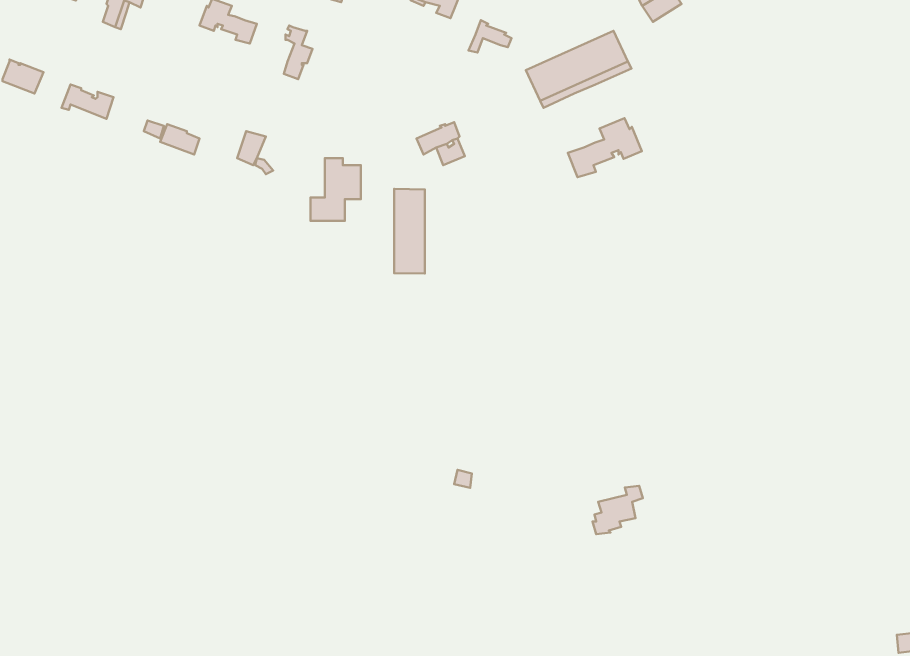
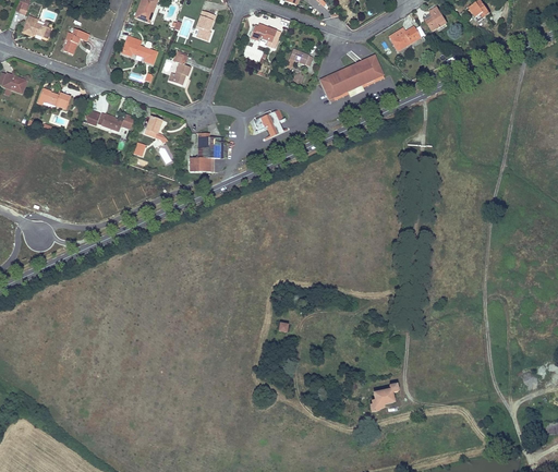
building: [568,118,642,177] -> none
building: [394,189,425,274] -> none
building: [593,486,643,534] -> [368,383,399,412]

